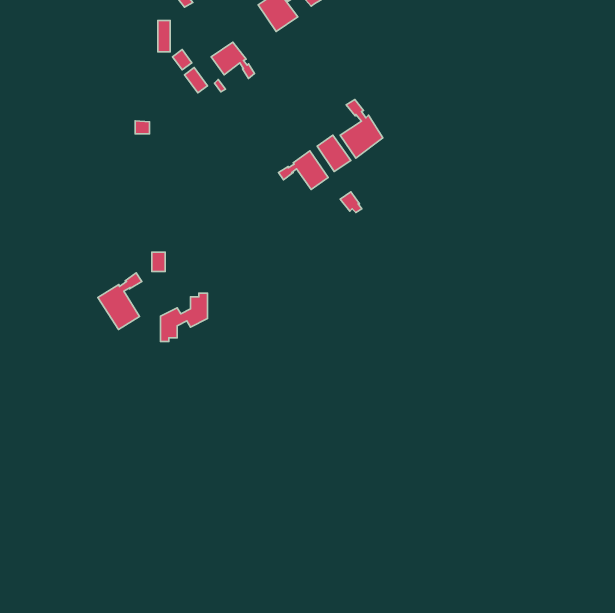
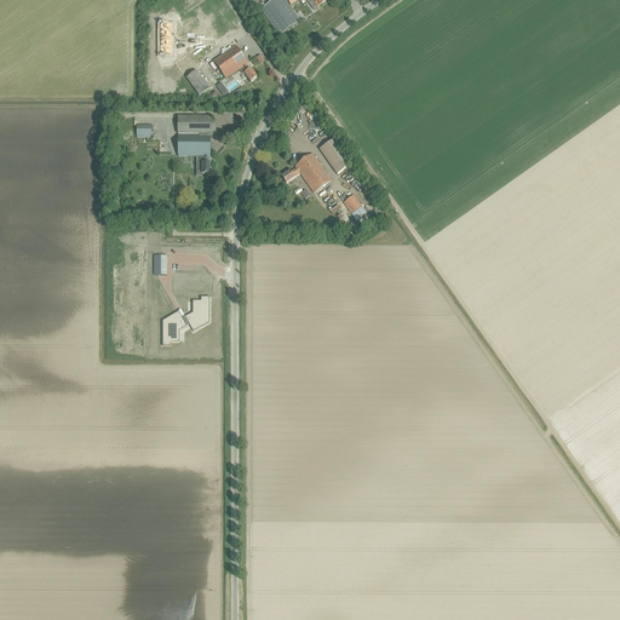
building: [340,100,383,158] -> none
building: none -> [177,113,209,171]
building: [98,273,142,330] -> none

